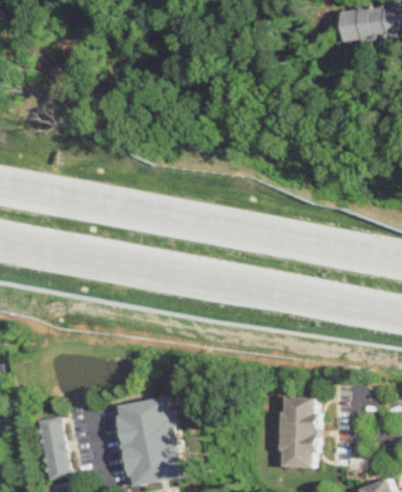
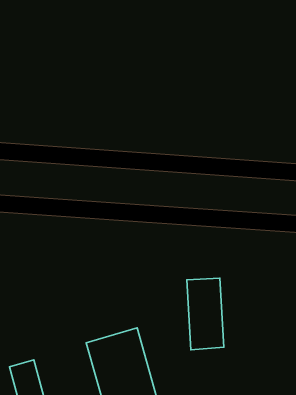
building: [280,395,318,469] -> [187,278,224,350]

